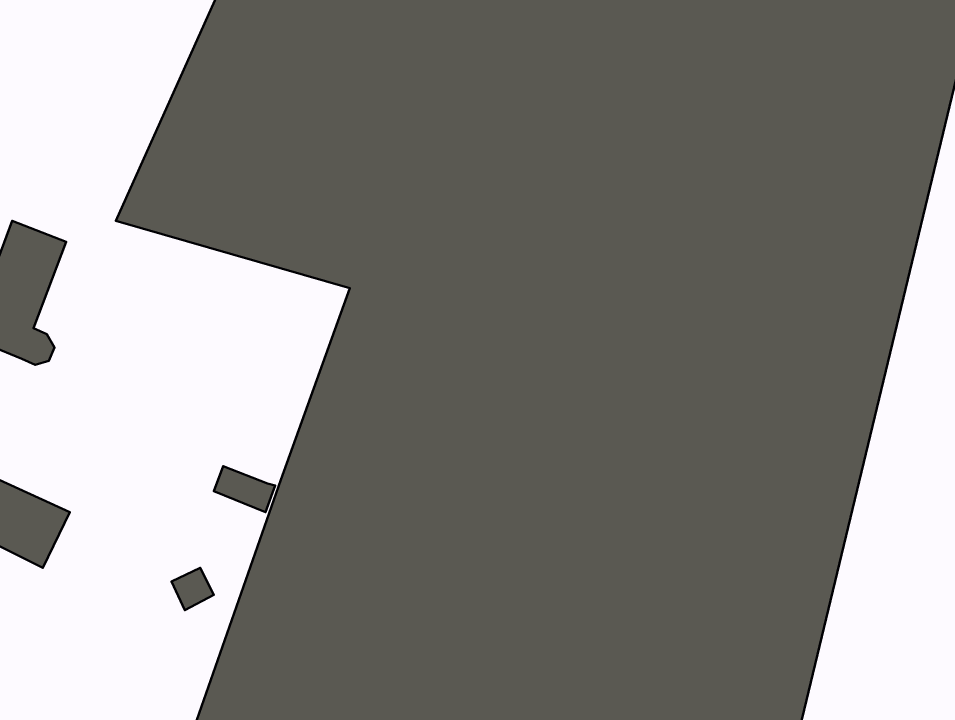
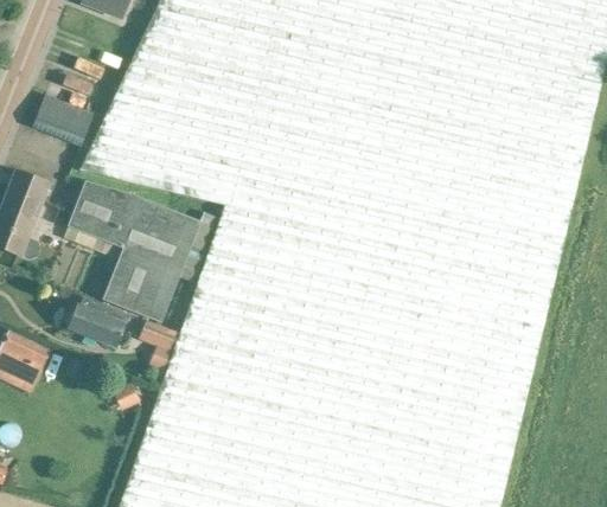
building: none -> [34,97,94,147]
building: none -> [65,184,218,323]
building: none -> [69,297,130,349]

